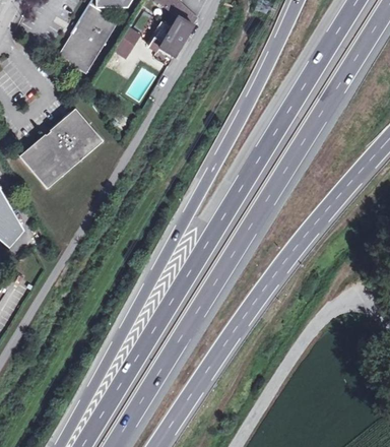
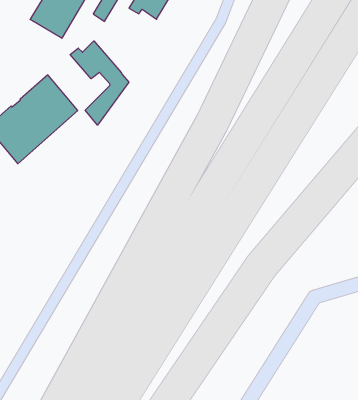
building: none -> [70,41,129,125]

